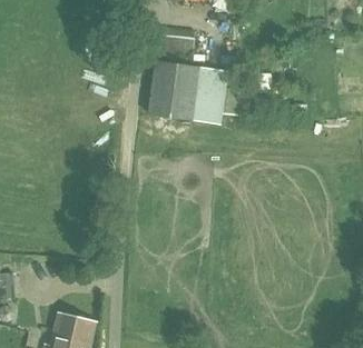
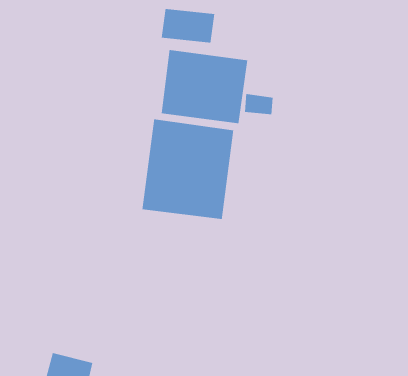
building: none -> [142,118,234,220]

